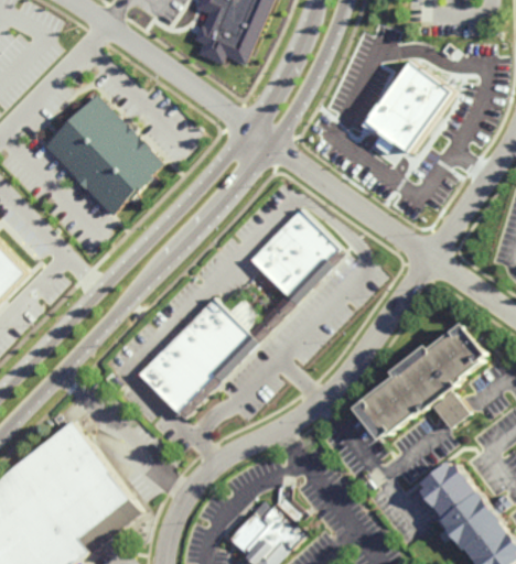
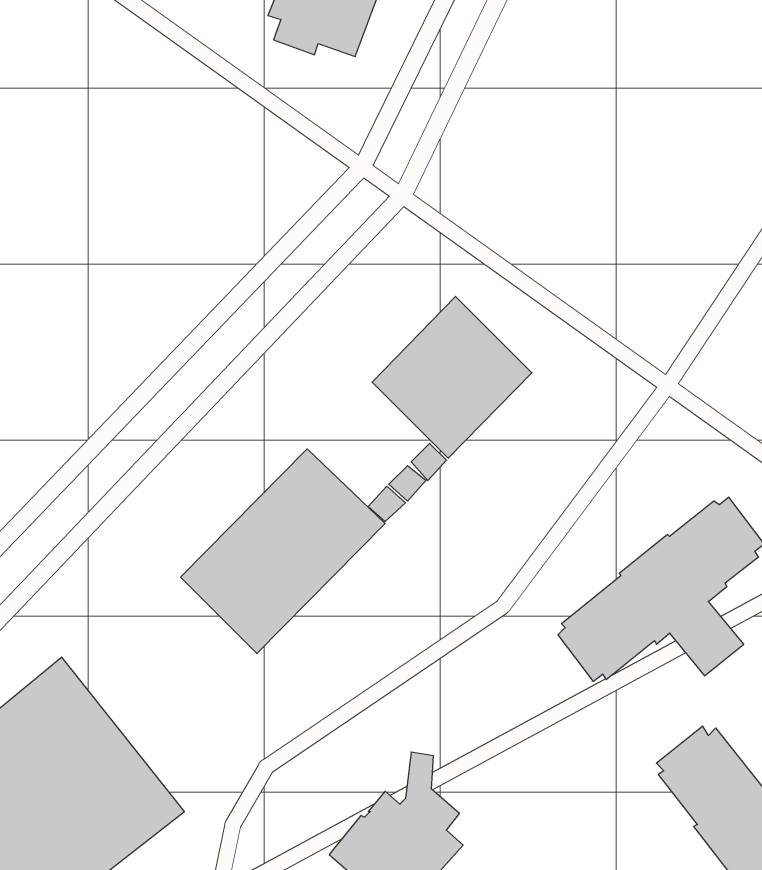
building: [365,62,451,153] -> none
building: [40,100,152,213] -> none

